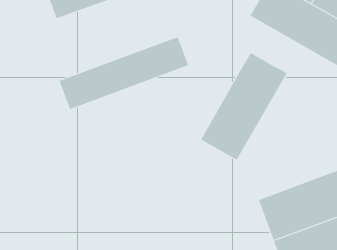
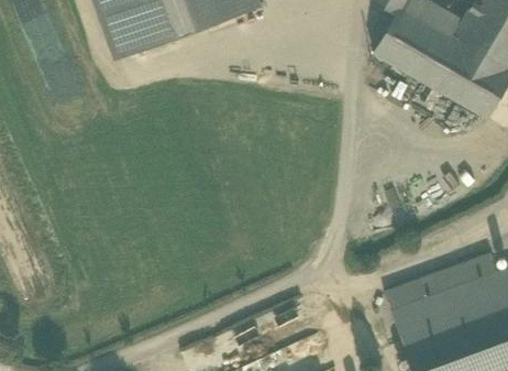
building: [59,37,189,110] -> none
building: [200,52,287,161] -> none

